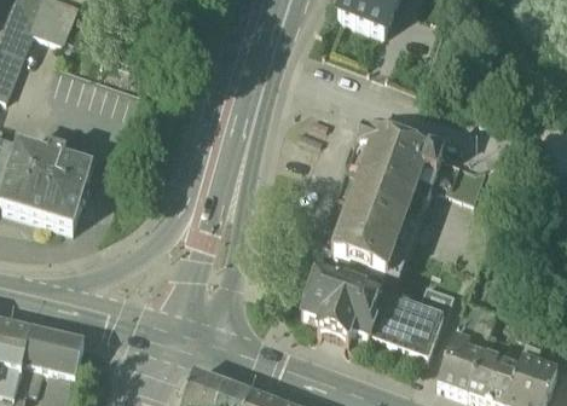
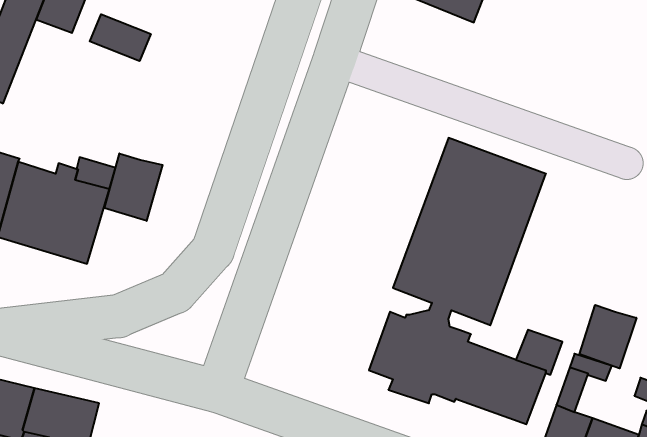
building: none -> [90,14,151,61]
building: none -> [104,153,163,221]
building: none -> [579,305,636,368]

